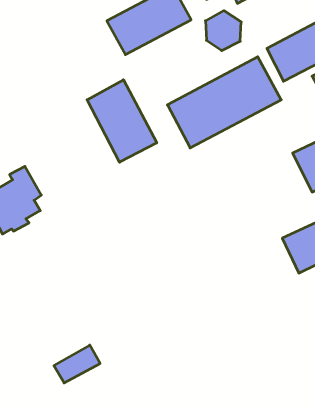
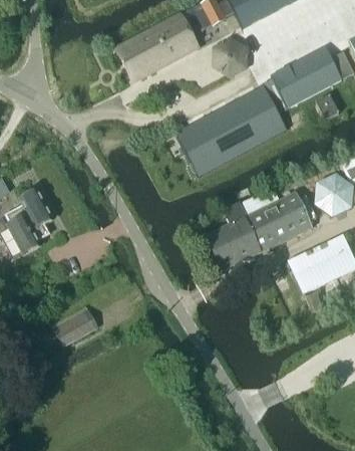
building: [87,80,157,162] -> none
building: none -> [204,193,310,271]
building: [54,345,100,383] -> [53,308,98,346]

